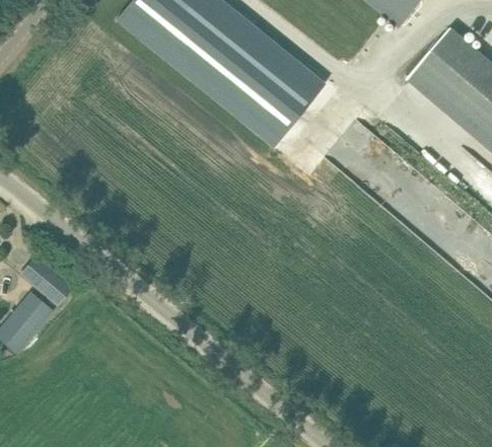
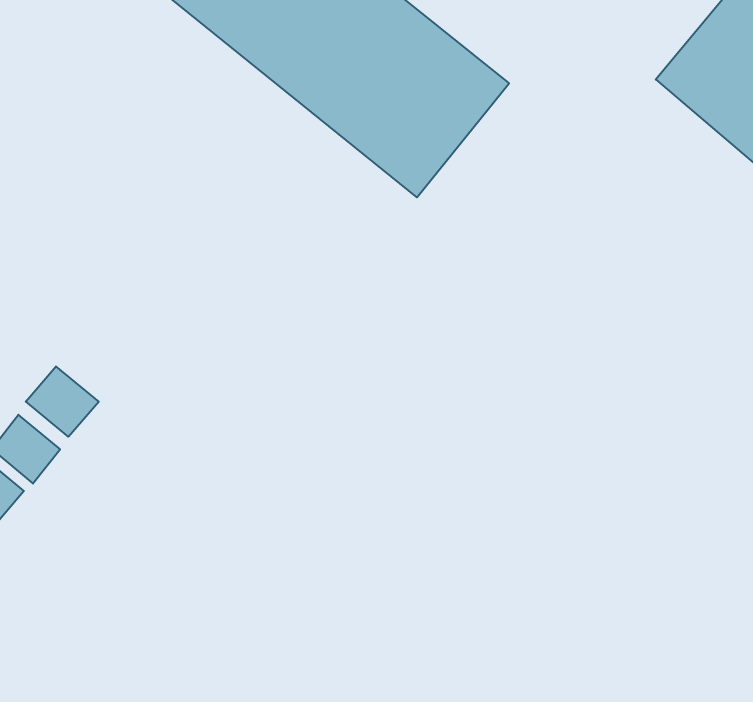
building: none -> [26,366,99,437]

